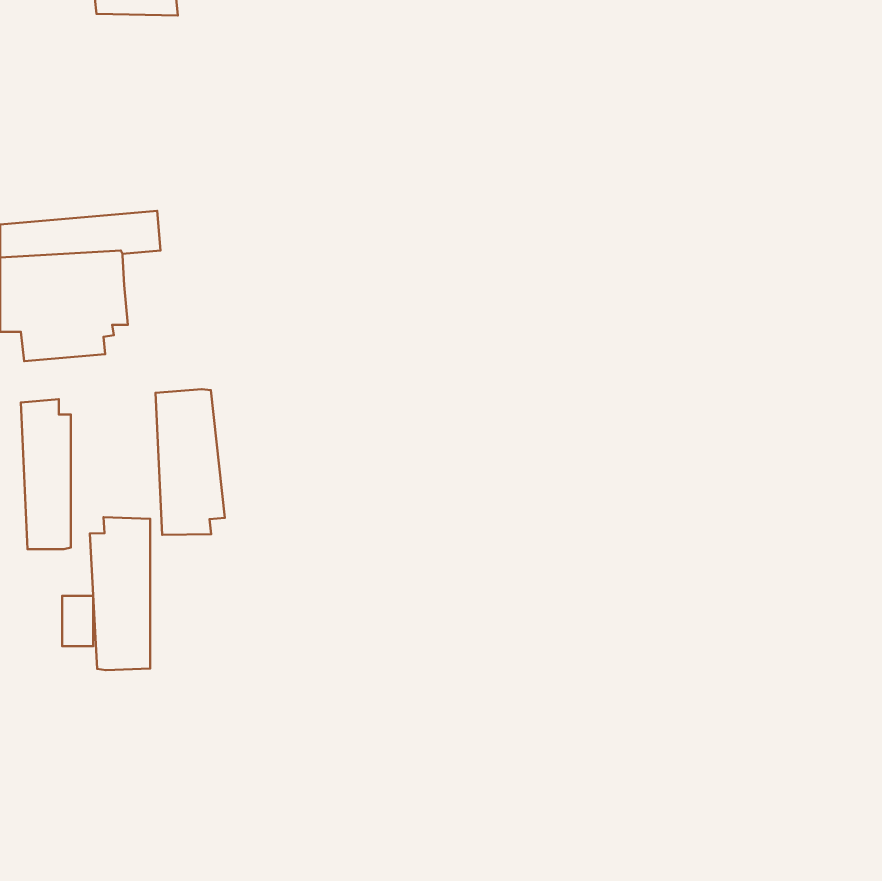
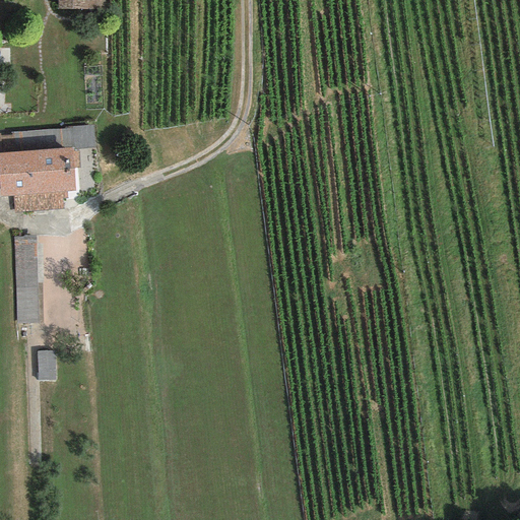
building: [156,389,225,535] -> none
building: [90,517,150,670] -> none

